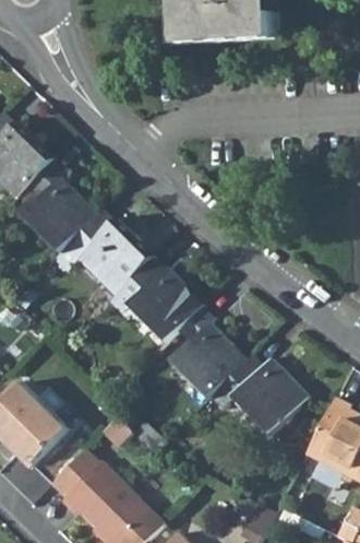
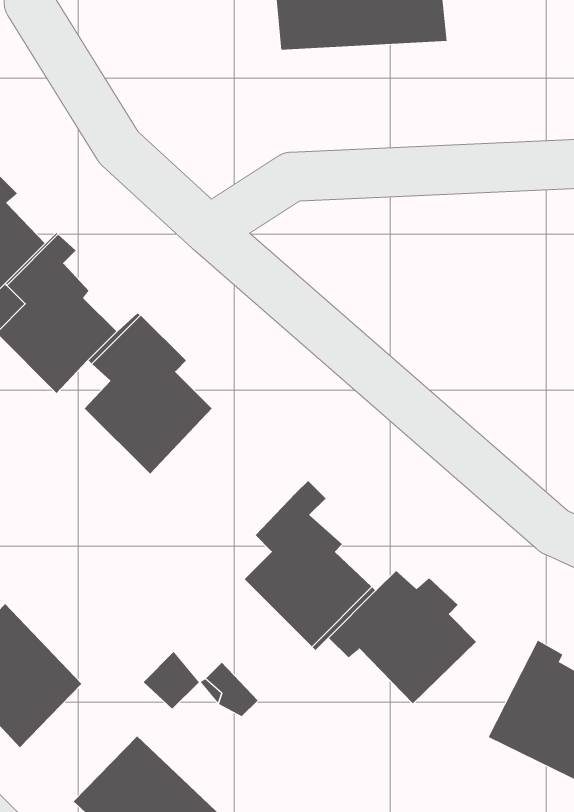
building: [94,252,190,347] -> none

